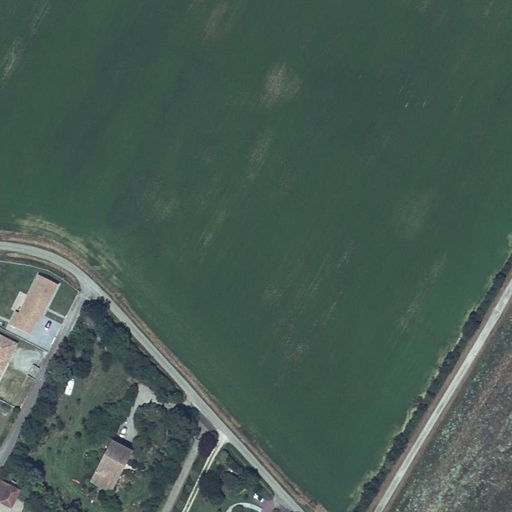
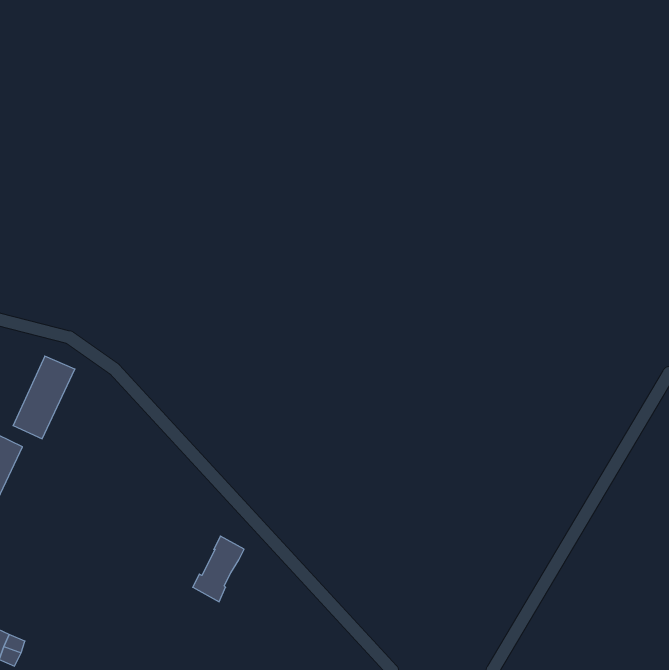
building: [90,442,129,492] -> [193,536,244,602]

